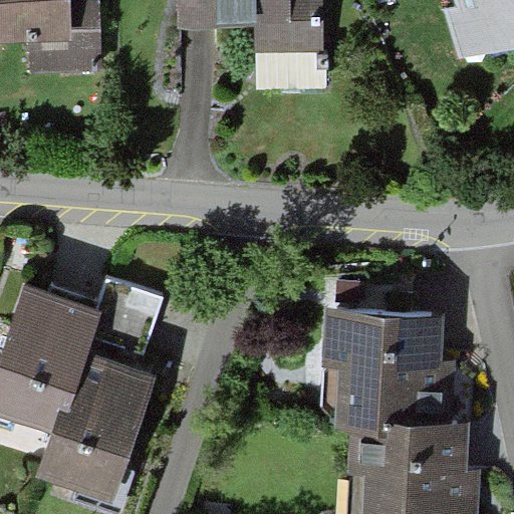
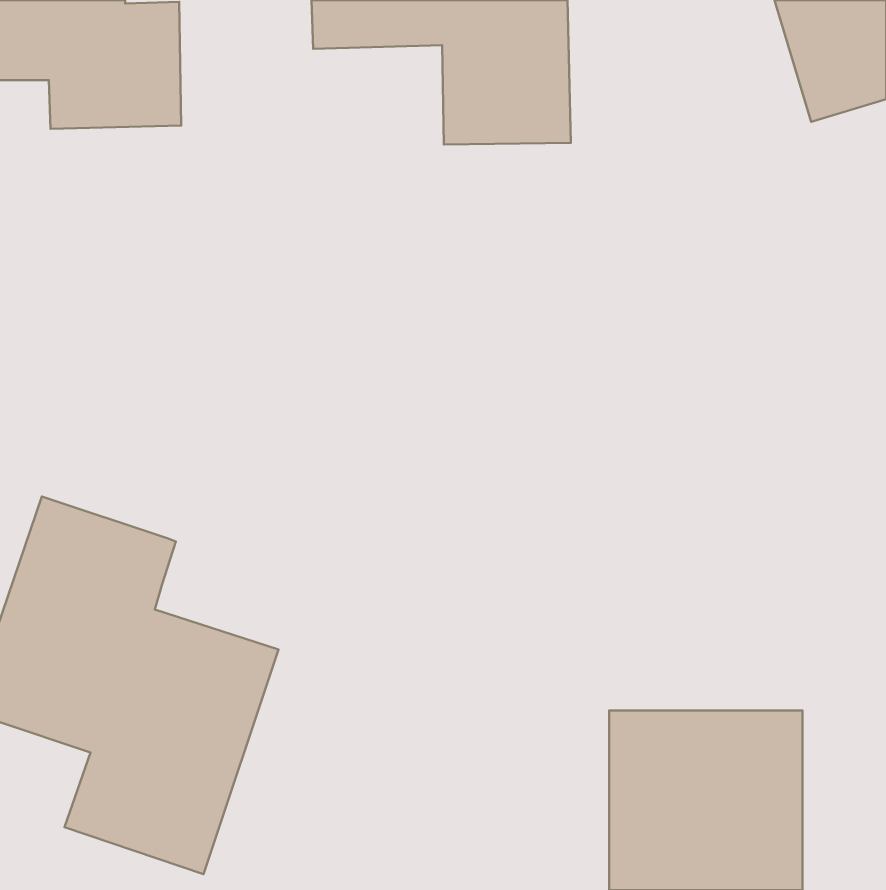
building: [93,278,163,354] -> none
building: [316,297,428,410] -> none

